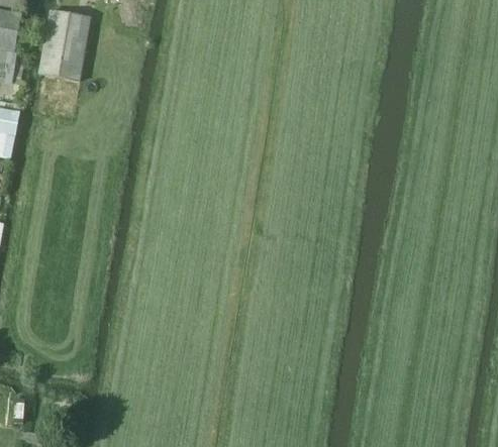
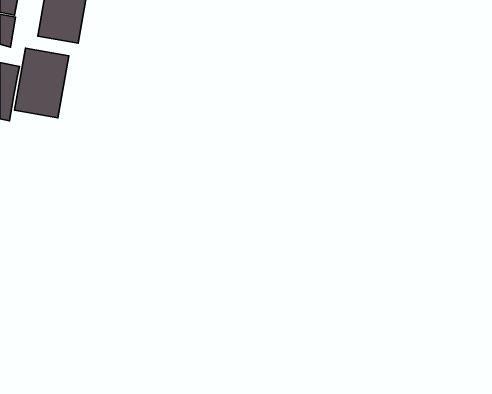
building: none -> [15,48,69,118]

